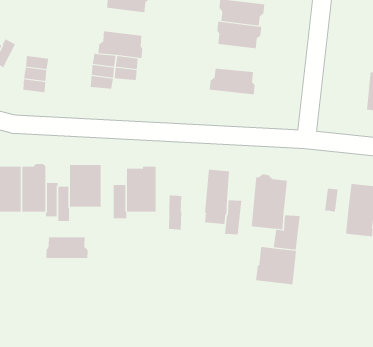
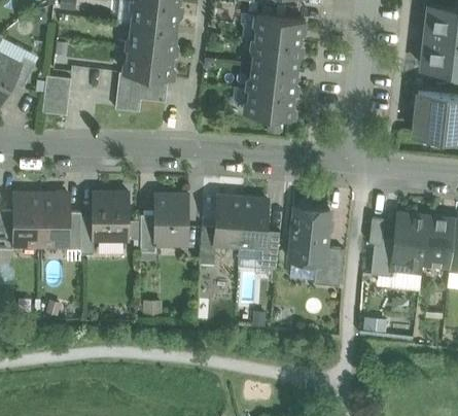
building: none -> [127,24,176,55]
building: none -> [247,63,297,94]
building: none -> [214,196,243,245]
building: none -> [371,237,394,276]
building: [46,237,88,259] -> none
building: [256,246,296,285] -> none

